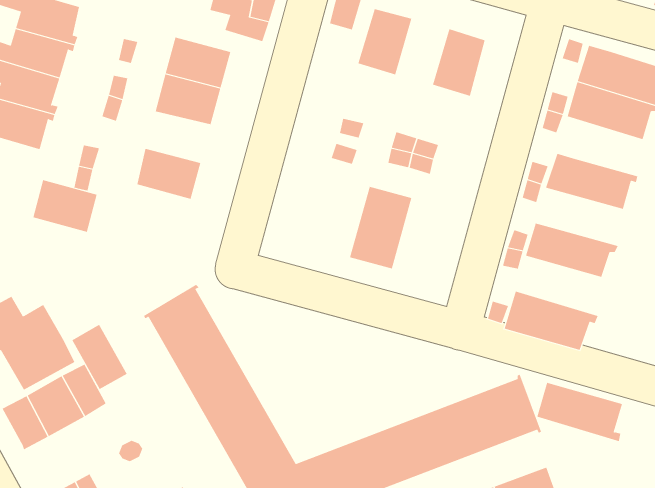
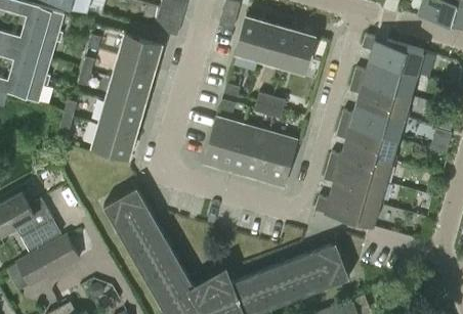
building: none -> [258,23,291,63]
building: none -> [103,80,144,111]
building: none -> [357,83,411,120]
building: none -> [203,119,242,170]
building: [33,179,97,233] -> [92,125,132,158]
building: none -> [344,127,398,163]
building: none -> [256,133,295,185]
building: [72,324,127,390] -> none
building: [536,382,623,442] -> [332,169,385,206]

